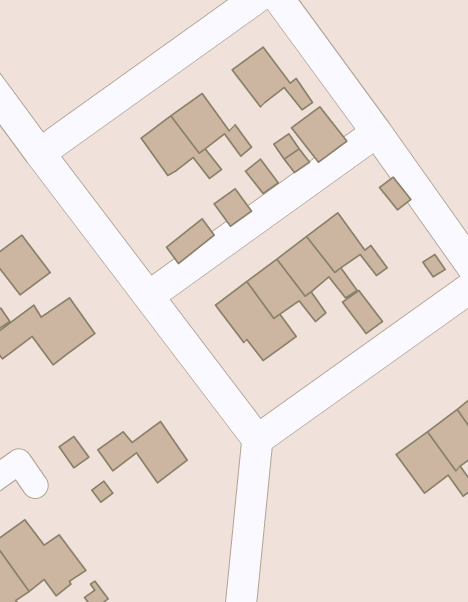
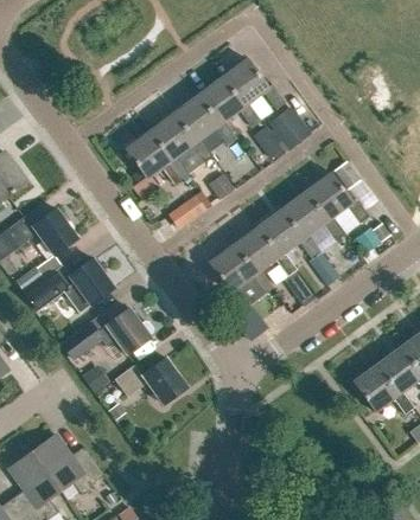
building: none -> [197,77,261,127]
building: none -> [123,131,189,181]
building: none -> [305,173,368,223]
building: none -> [58,308,151,361]

